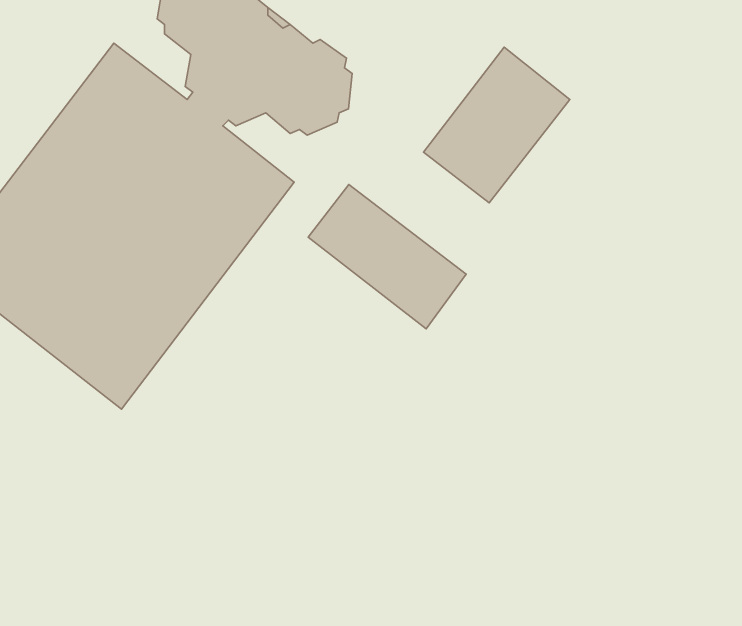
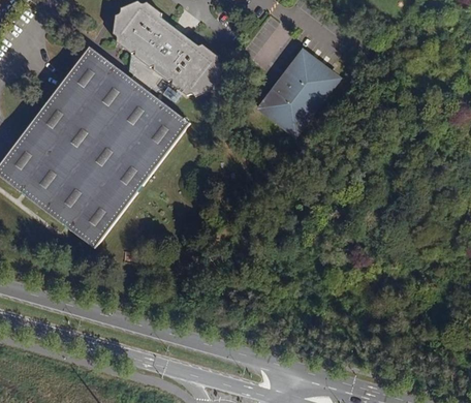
building: [308,185,466,329] -> none

